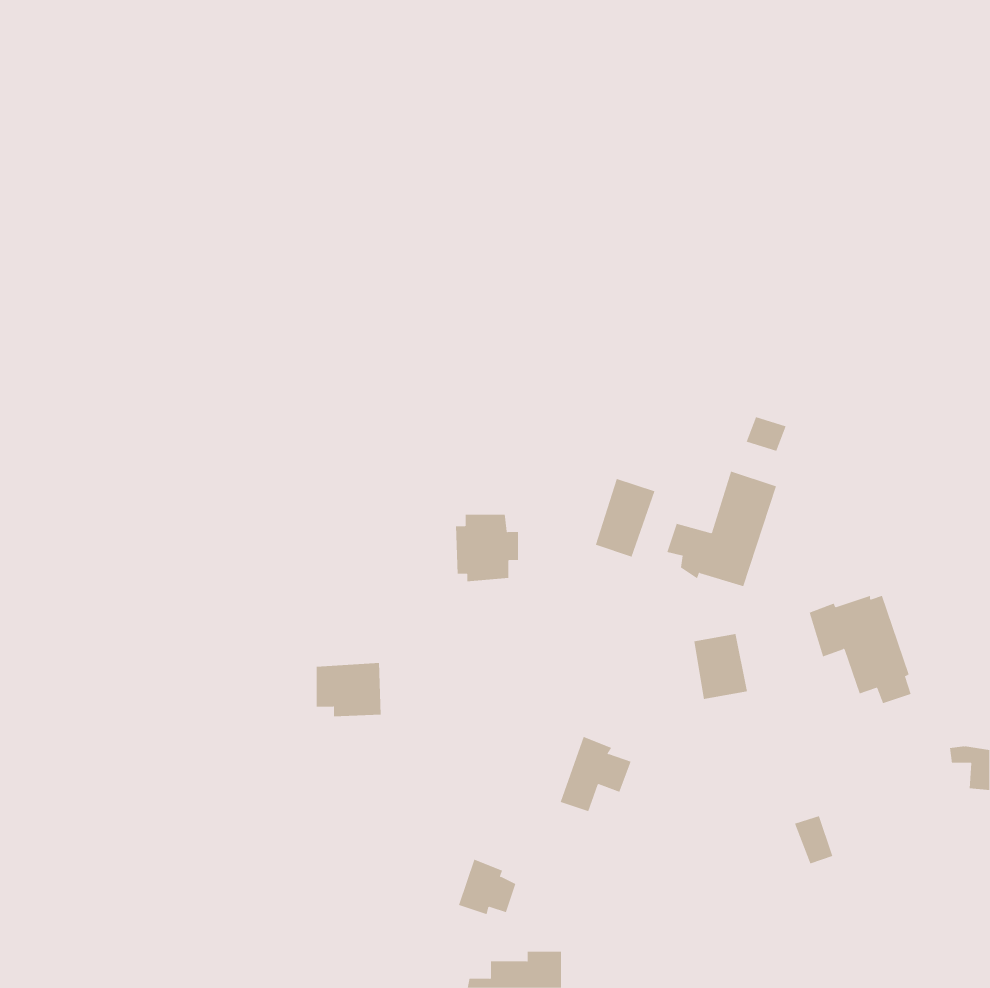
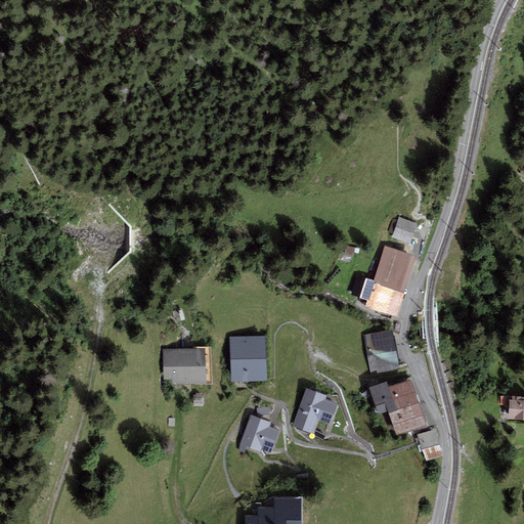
building: [595,478,655,558] -> none
building: [455,514,519,582] -> [228,340,262,376]
building: [809,595,912,704] -> [372,378,426,435]
building: [458,859,516,915] -> [244,417,274,446]

